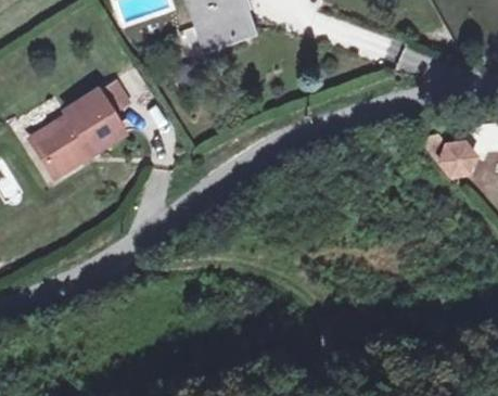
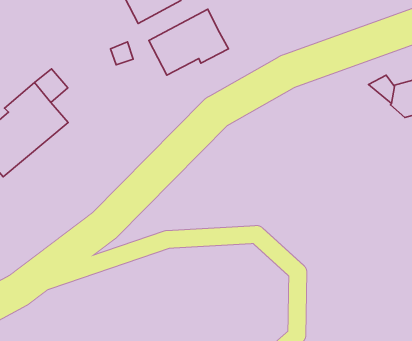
building: none -> [149,9,229,75]

